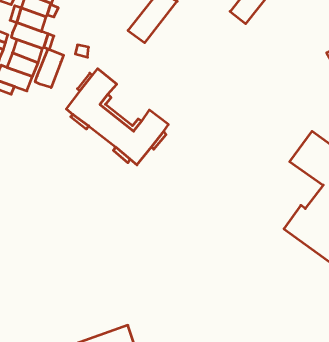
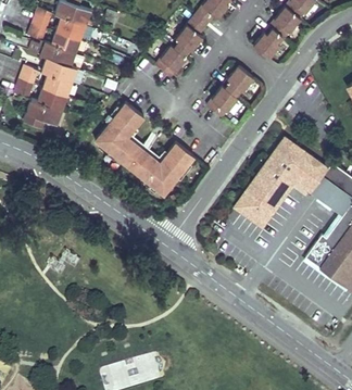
building: none -> [206,65,253,117]
building: [35,49,64,88] -> none
building: none -> [235,137,327,227]

